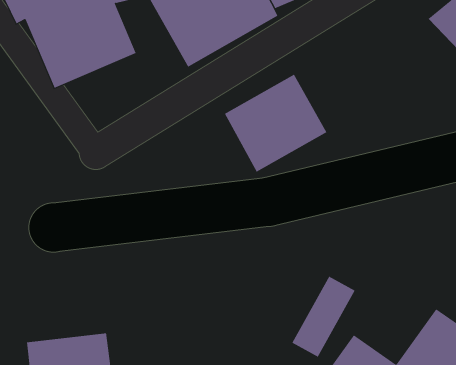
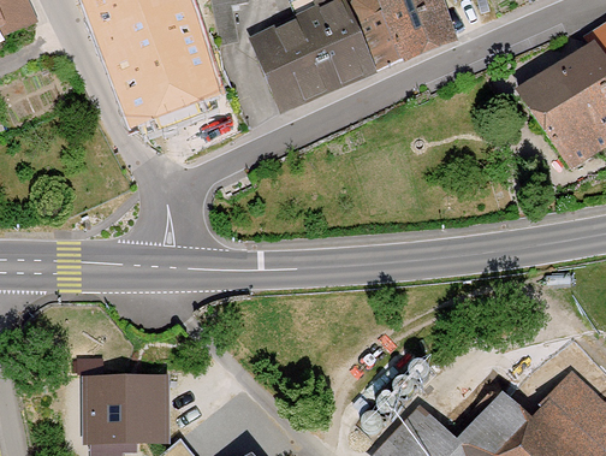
building: [224,74,327,173] -> none

